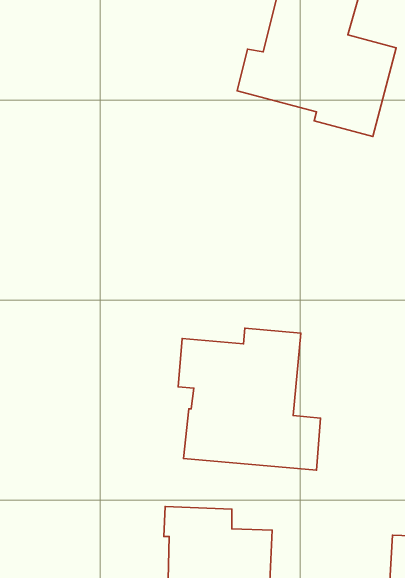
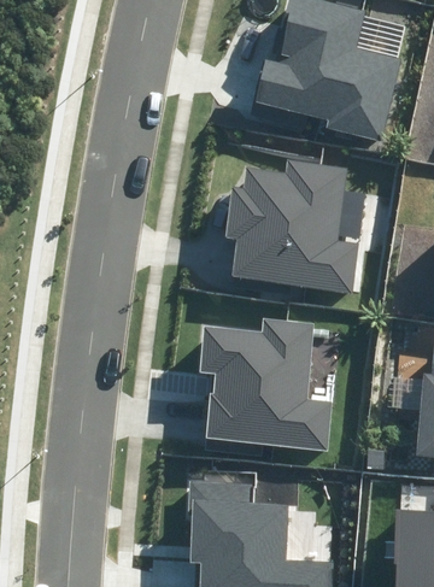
building: none -> [225,159,358,293]

